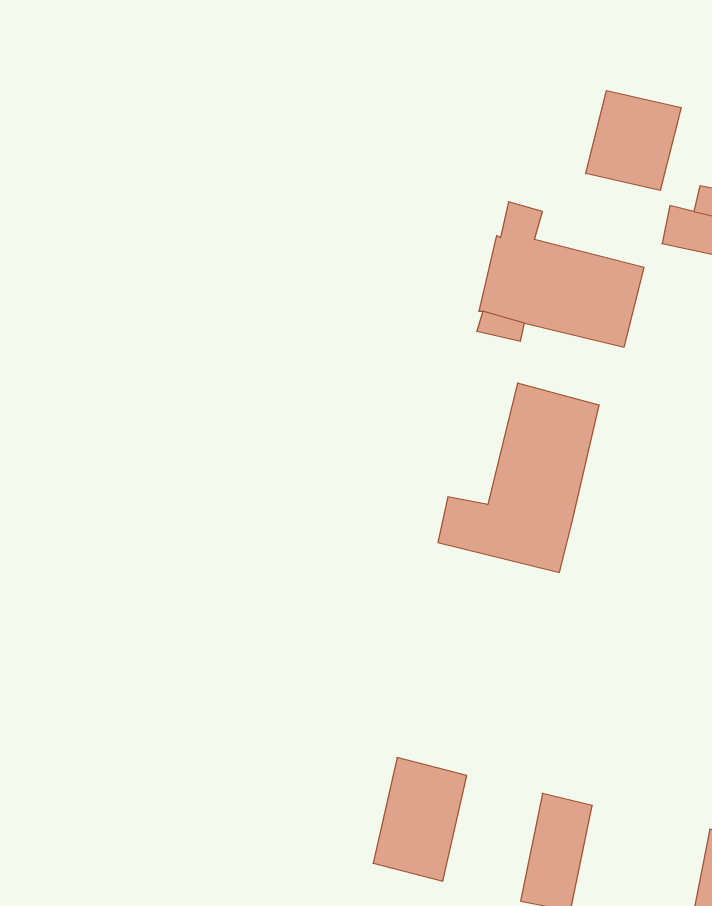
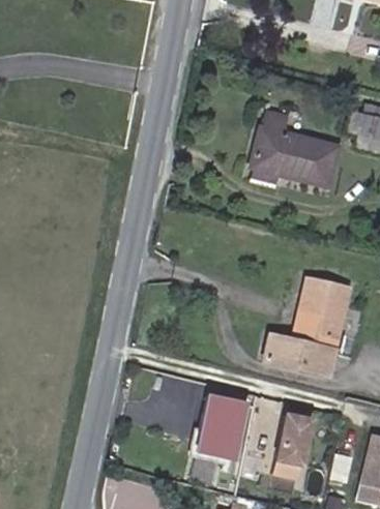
building: [586,91,681,190] -> none
building: [438,383,599,572] -> [265,277,349,376]

